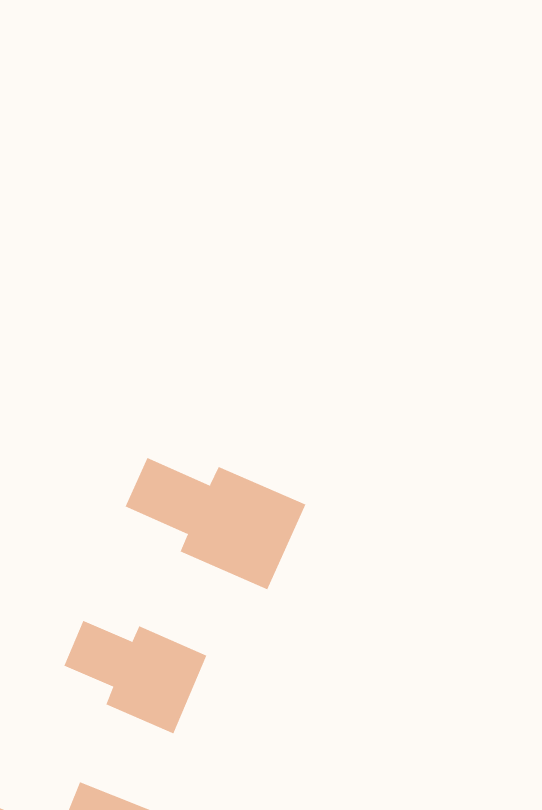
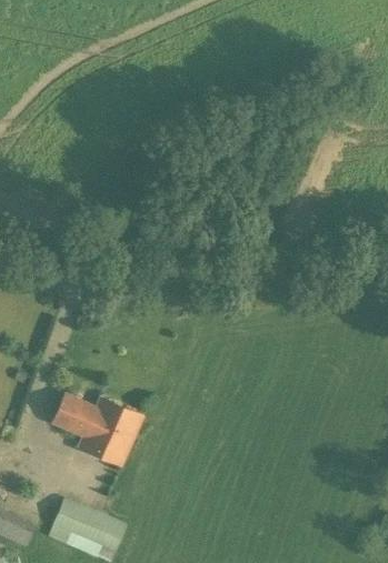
building: [125,457,306,590] -> none

